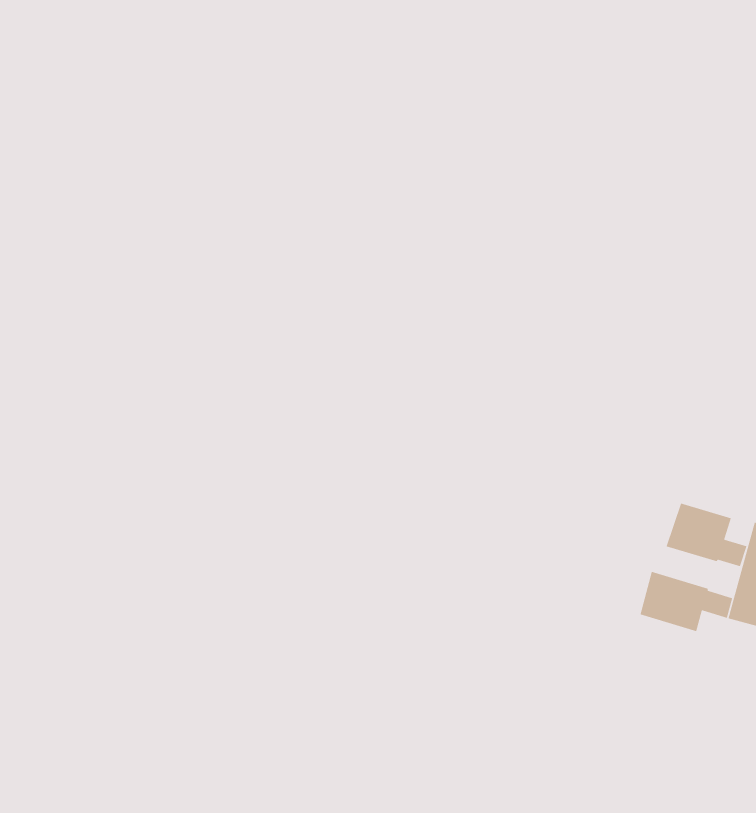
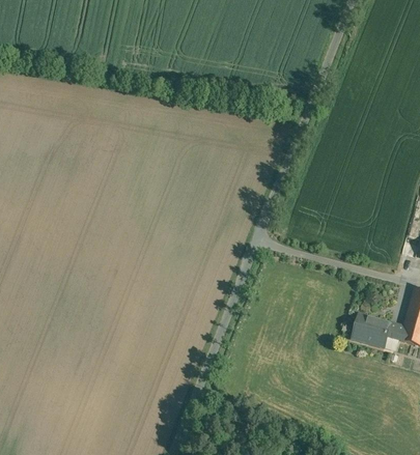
building: [666,503,747,567] -> none

